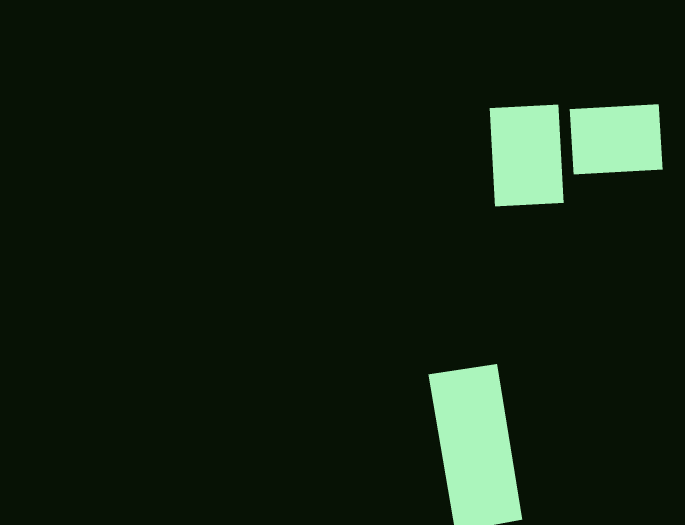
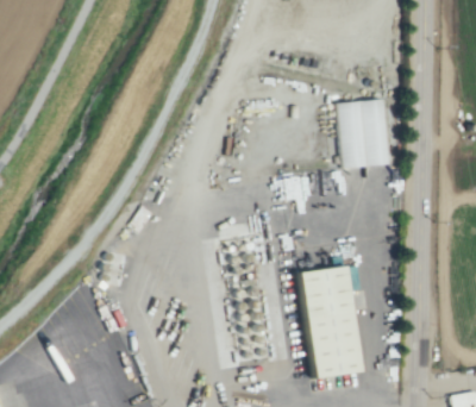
building: [569,104,663,175] -> none

